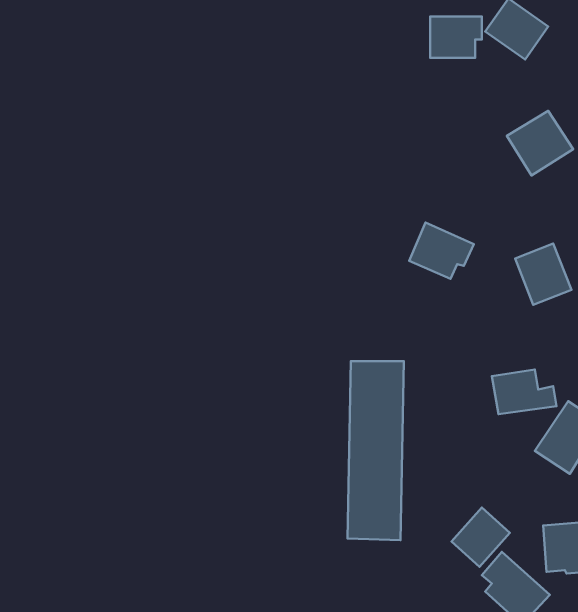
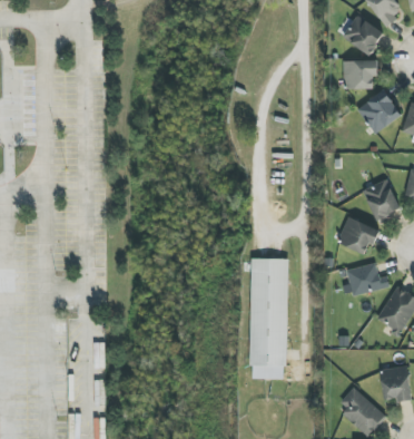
building: [430,16,482,58] -> [342,60,376,88]
building: [409,223,474,279] -> [335,216,378,254]
building: [451,508,510,567] -> none

